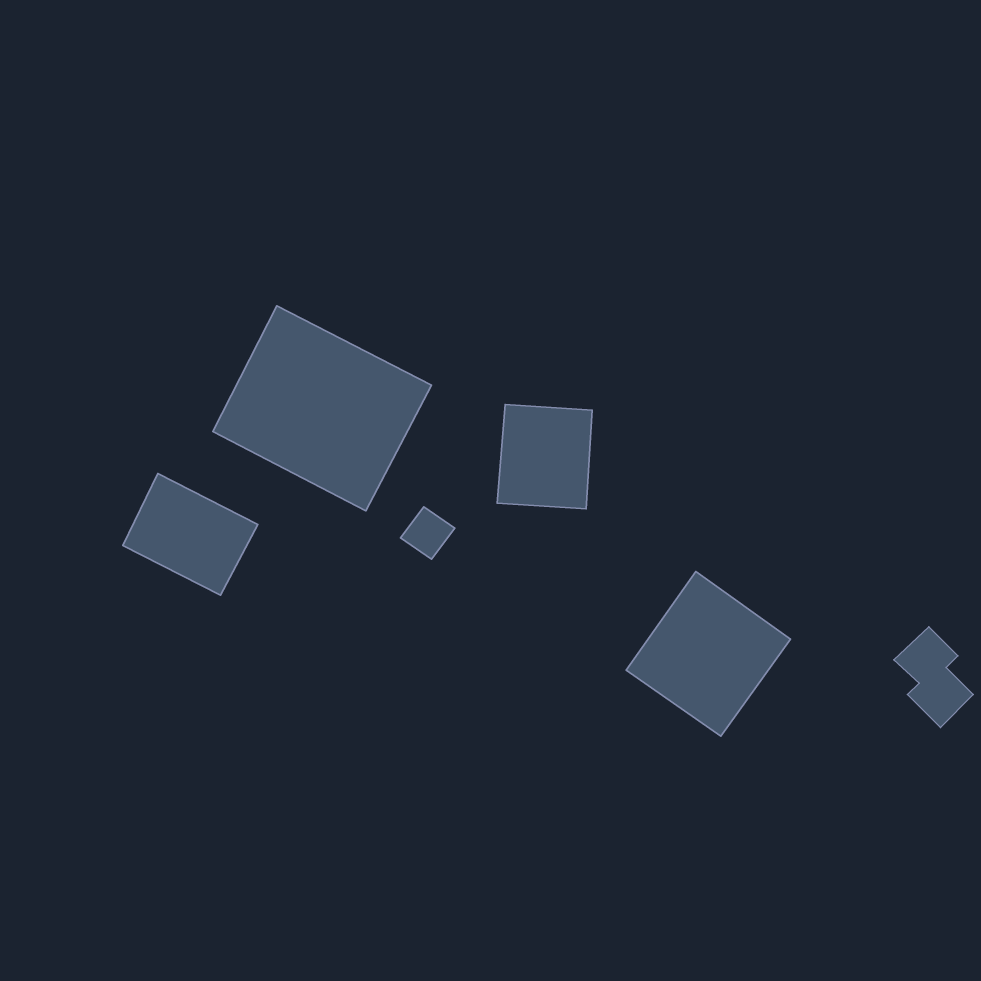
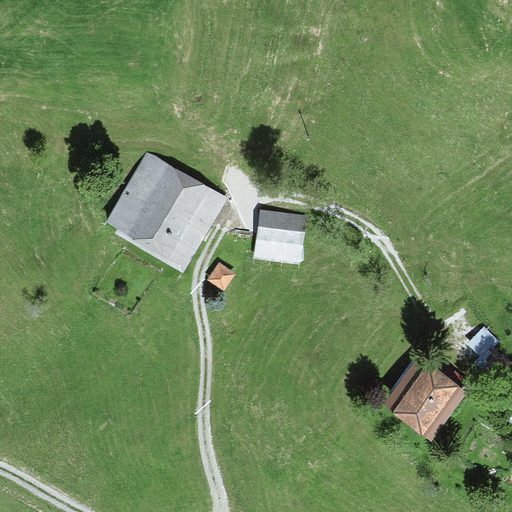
building: [123,473,258,595] -> none
building: [626,572,791,736] -> [378,353,463,438]

